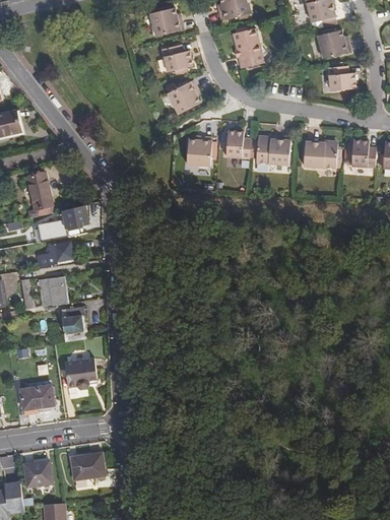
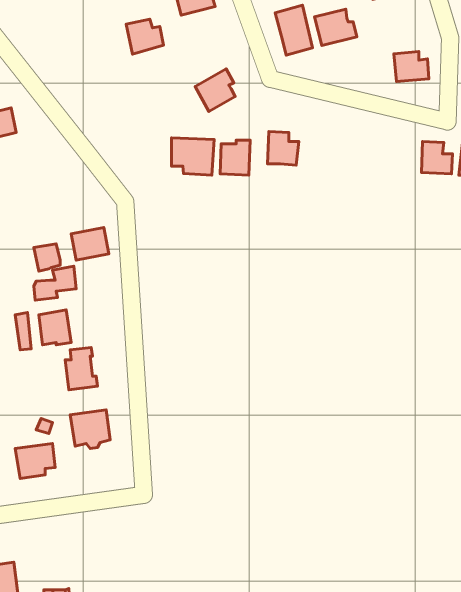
building: [316,28,350,58] -> [314,9,357,46]
building: [160,44,191,72] -> [126,19,164,54]
building: [256,135,290,165] -> none
building: none -> [171,138,214,175]
building: [303,140,338,169] -> none
building: [25,176,51,211] -> none
building: [70,450,105,477] -> none
building: [23,460,52,485] -> none

